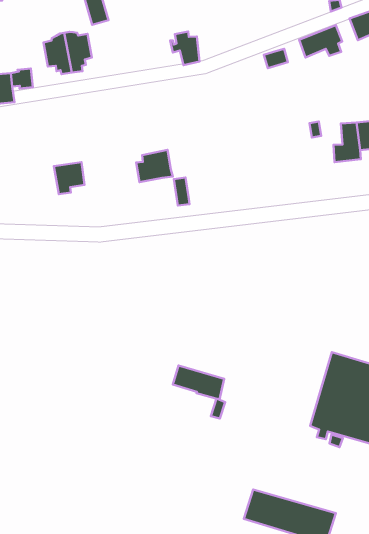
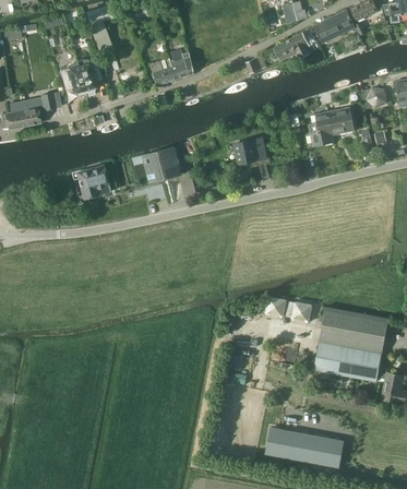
building: none -> [149,59,179,84]
building: none -> [235,139,265,164]
building: [173,365,224,399] -> [271,295,313,320]

